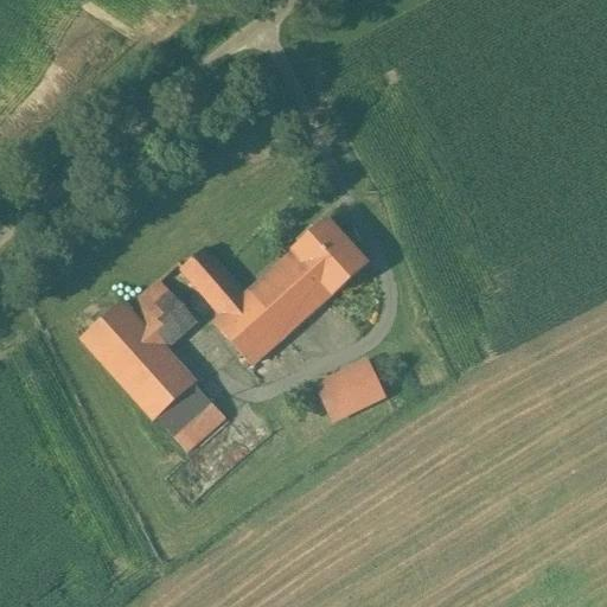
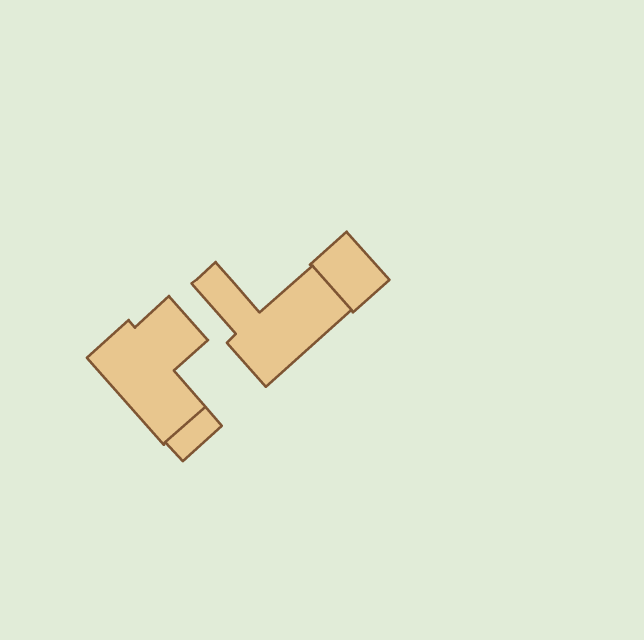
building: [315,360,383,420] -> none
building: [172,401,224,451] -> none

